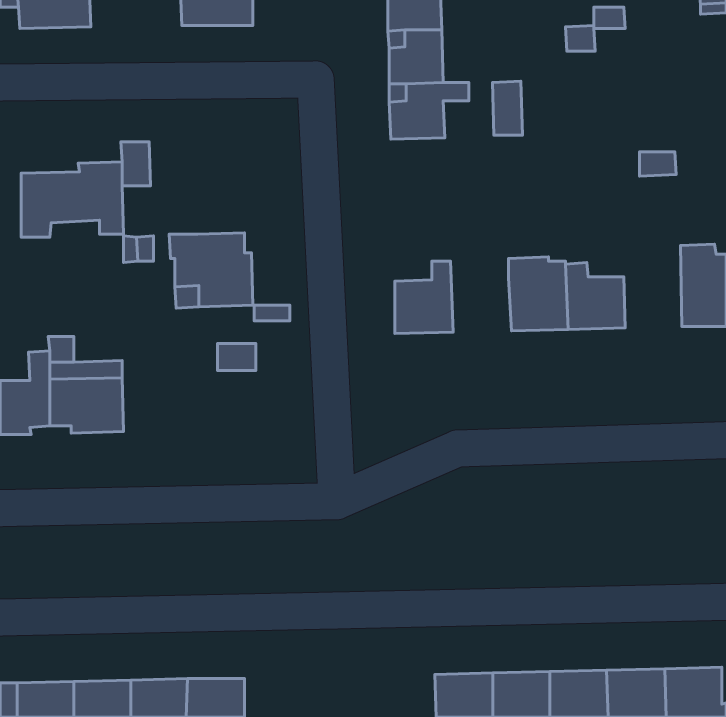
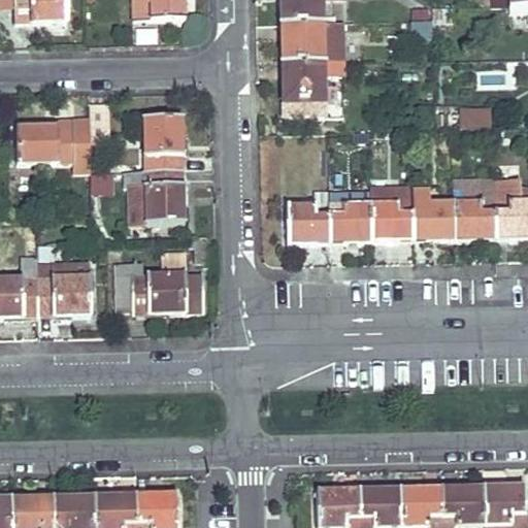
building: [493,81,522,135] -> [321,21,342,60]
building: none -> [142,116,182,170]
building: none -> [453,178,495,238]
building: none -> [327,189,371,241]
building: none -> [117,263,203,312]

